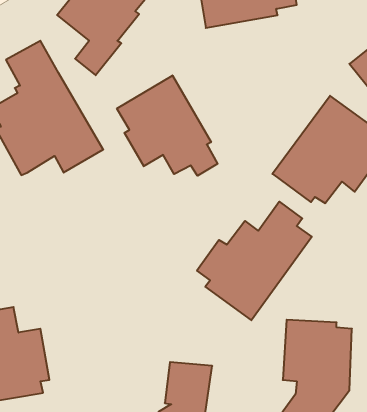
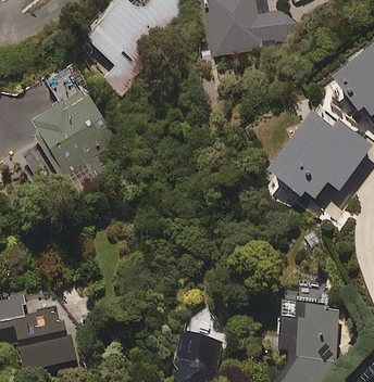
building: [117,75,218,176] -> none
building: [197,202,312,320] -> none

